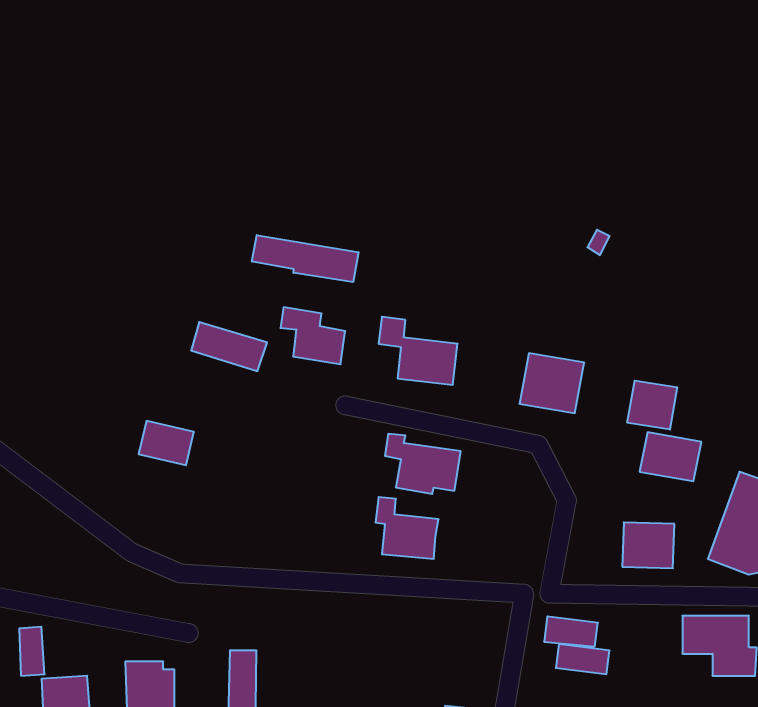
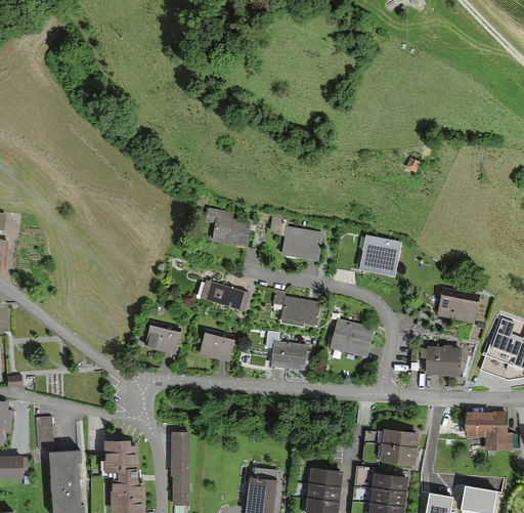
building: [252,235,358,282] -> none
building: [191,322,267,371] -> [201,282,250,313]
building: [627,381,677,430] -> none
building: [139,421,194,465] -> [144,328,180,356]
building: none -> [329,320,369,356]
building: none -> [199,334,234,364]
building: [544,616,598,646] -> [381,442,416,462]

